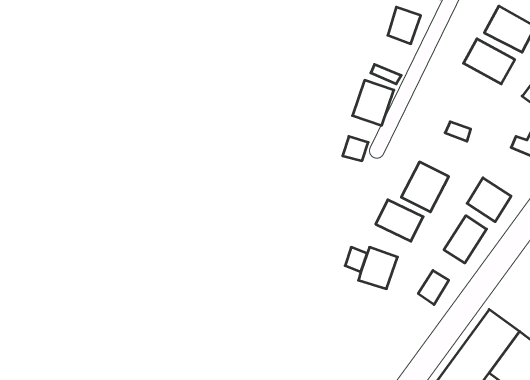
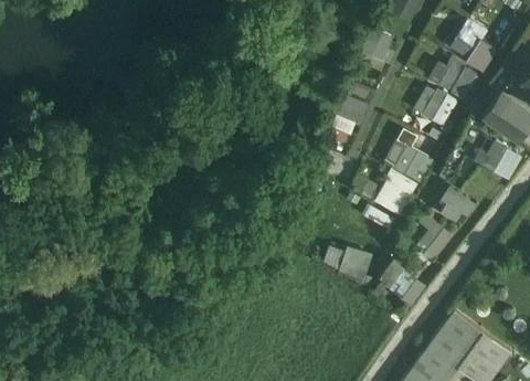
building: none -> [412,88,455,130]
building: none -> [391,147,431,186]

